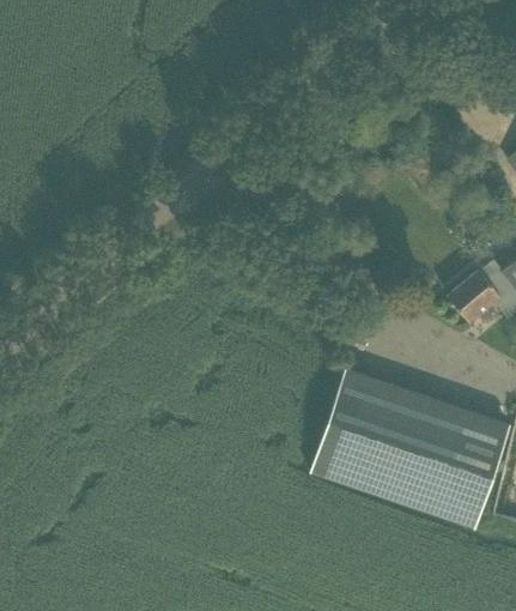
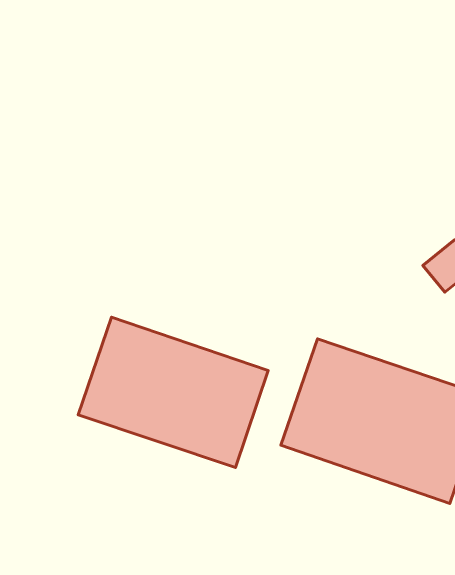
building: none -> [78,317,268,467]

